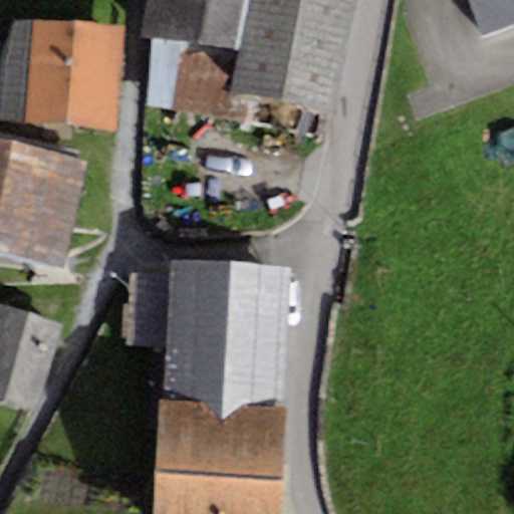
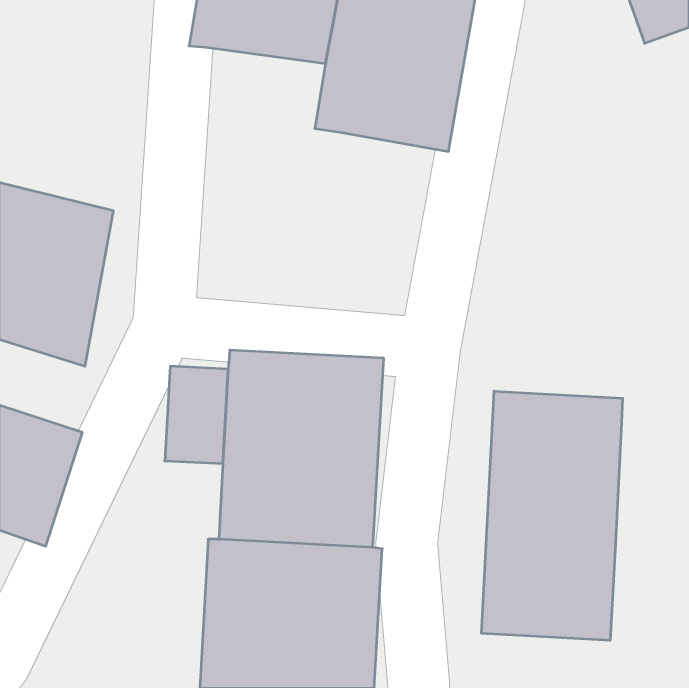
building: [23,18,122,130] -> none
building: [145,35,254,122] -> none
building: none -> [482,391,623,640]

